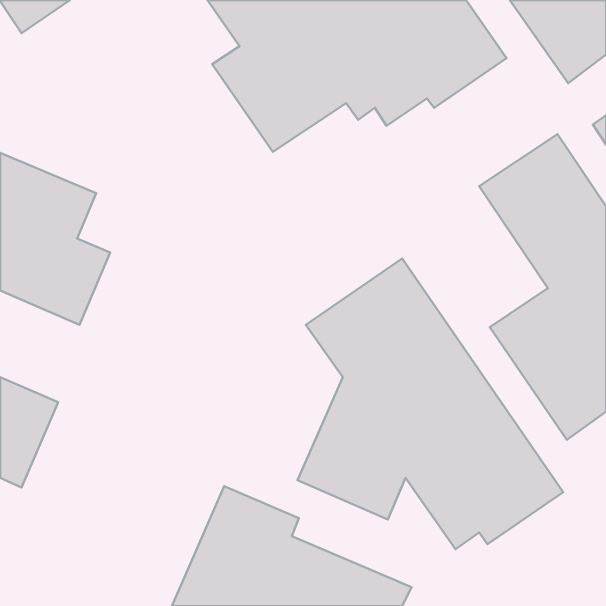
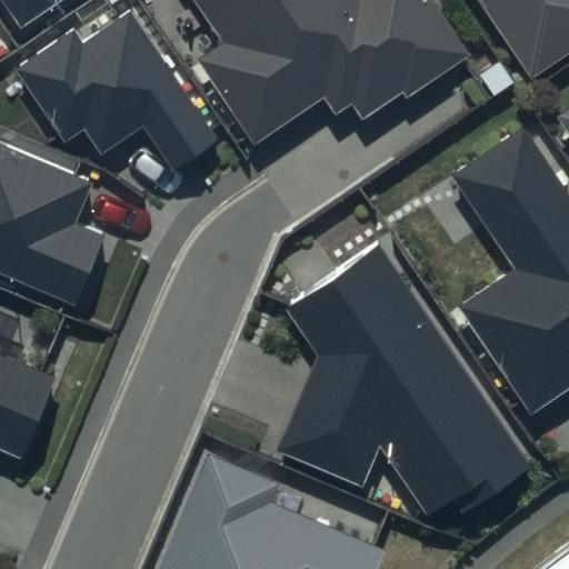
building: none -> [13,10,218,171]

